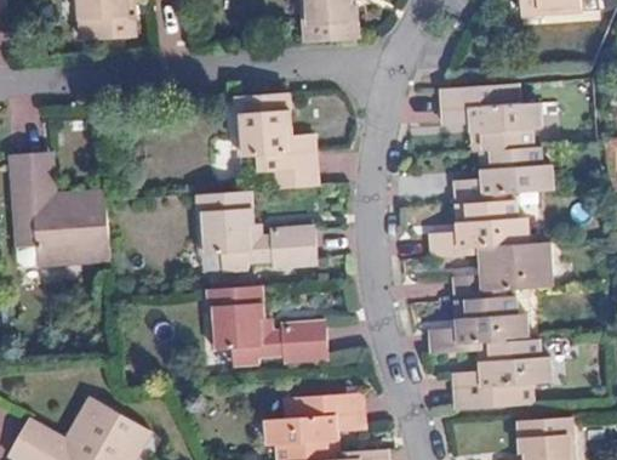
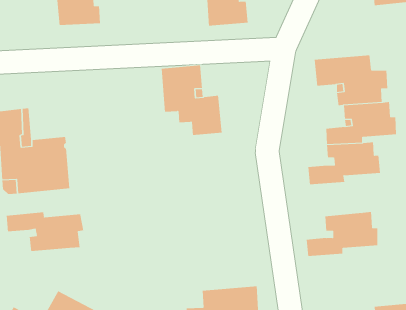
building: [196,192,316,271] -> none
building: [452,239,550,299] -> none
building: [216,285,337,367] -> none
building: none -> [6,212,84,252]
building: [453,337,550,409] -> none

